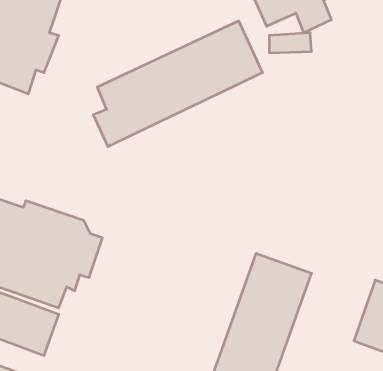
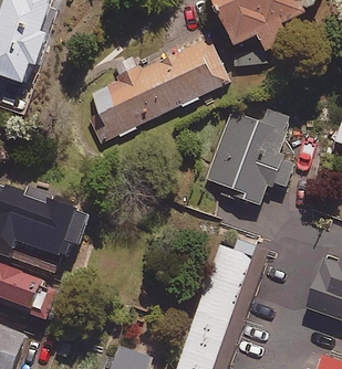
building: none -> [204,110,308,205]

